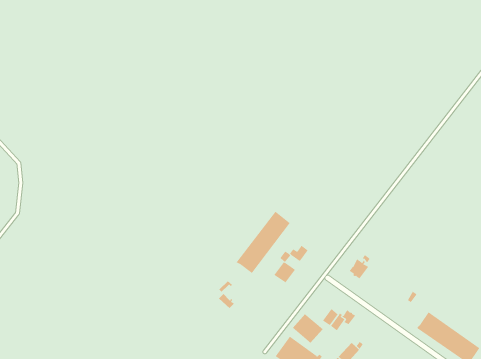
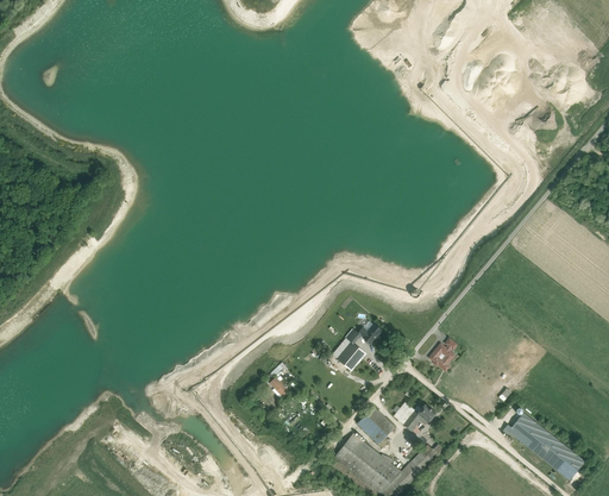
building: [236,211,290,274] -> none

